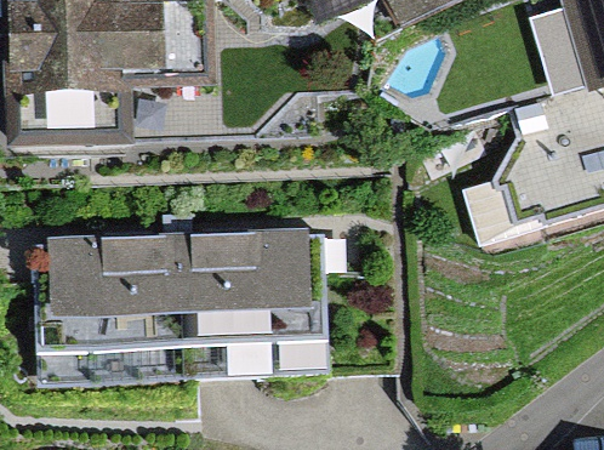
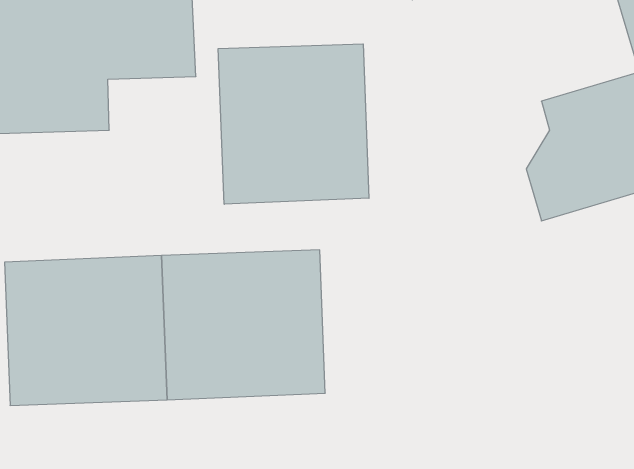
building: none -> [218,44,369,204]

